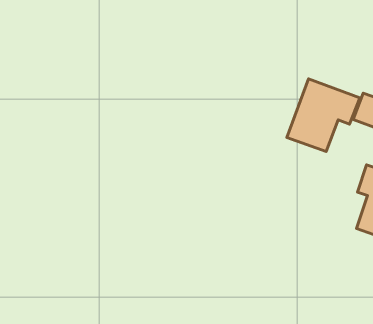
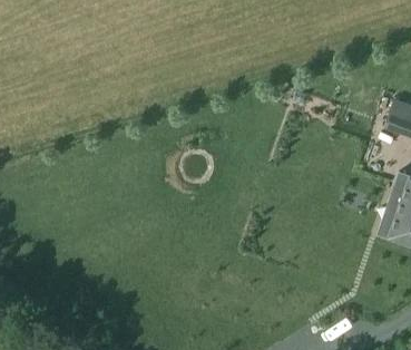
building: [287,79,360,152] -> none

